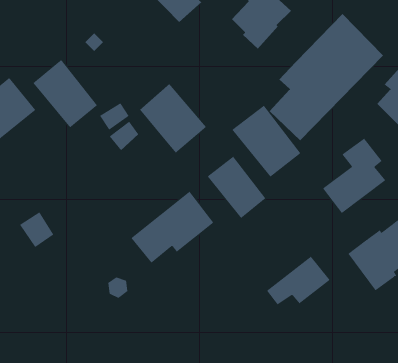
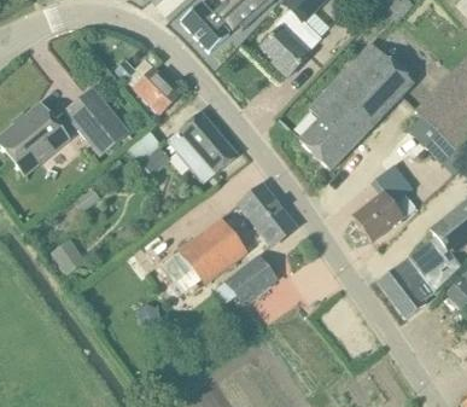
building: none -> [133,66,180,114]
building: [231,105,301,177] -> none
building: [266,256,331,305] -> [211,256,275,306]

